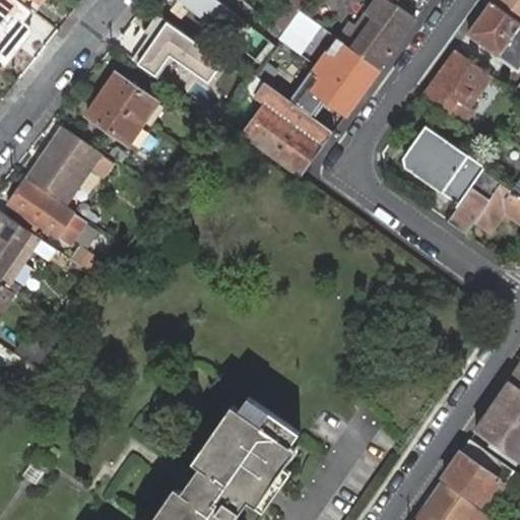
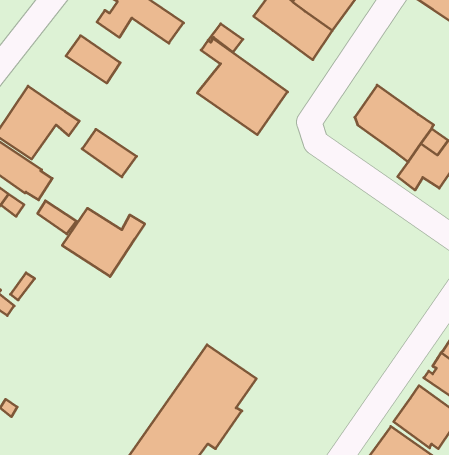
building: [422,52,491,122] -> none
building: [292,69,359,117] -> none
building: [86,95,143,145] -> [82,129,137,177]
building: none -> [62,208,145,277]

